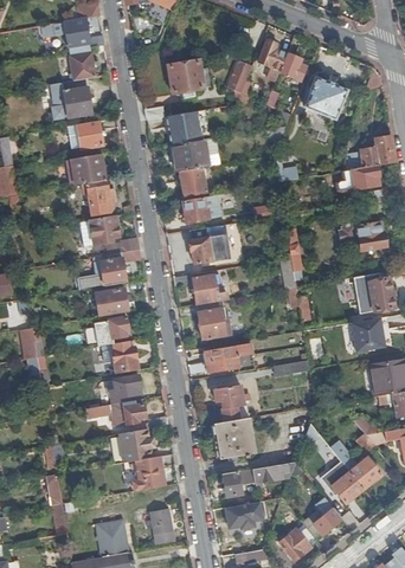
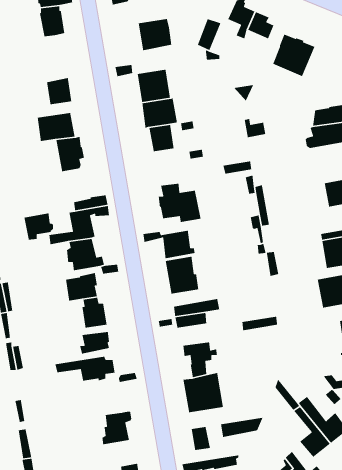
building: [50,78,91,118] -> none
building: [182,198,210,225] -> none
building: [89,215,120,244] -> [23,212,54,241]
building: [117,427,154,462] -> none

